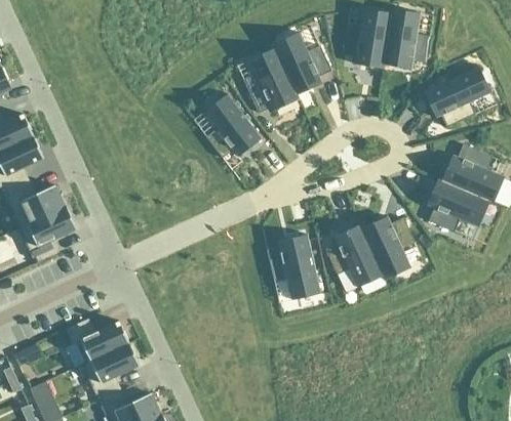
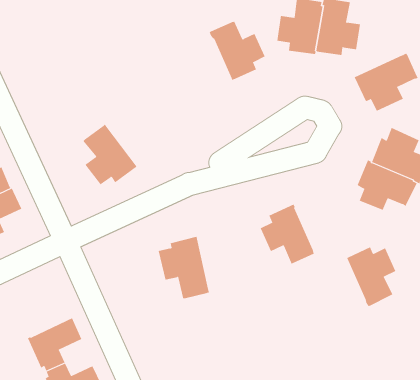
building: [242,48,299,113] -> none
building: [203,93,261,158] -> [83,123,138,185]
building: [361,216,414,279] -> [346,247,396,306]
building: [266,234,320,299] -> [158,236,210,299]
building: [67,318,128,361] -> none

